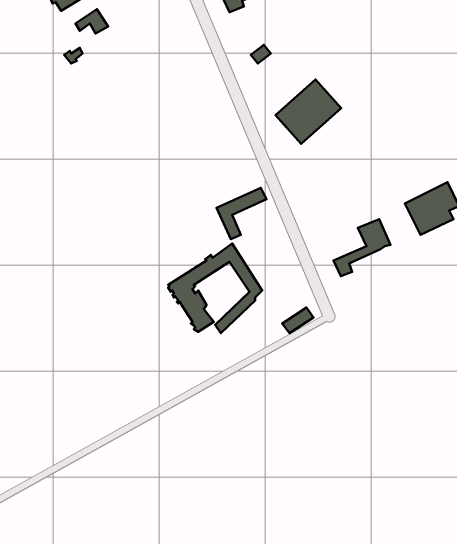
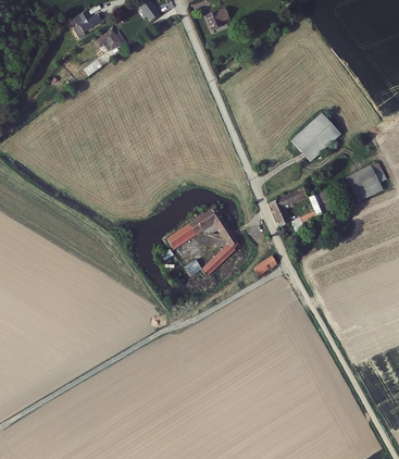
building: [276,80,341,144] -> [291,112,341,161]
building: [217,188,266,239] -> [270,187,308,226]

